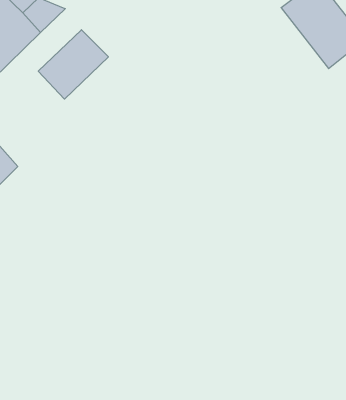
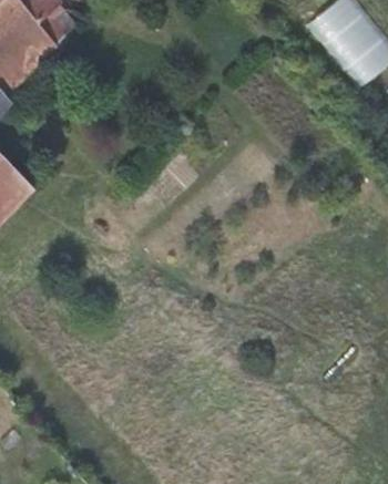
building: [38,30,108,99] -> none

